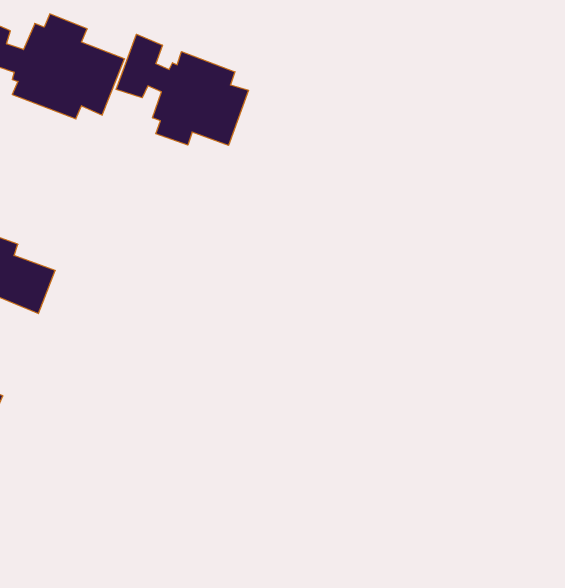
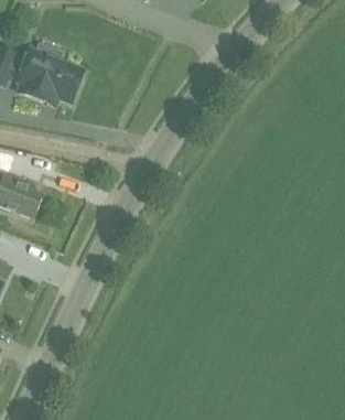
building: [116,34,248,145] -> none

